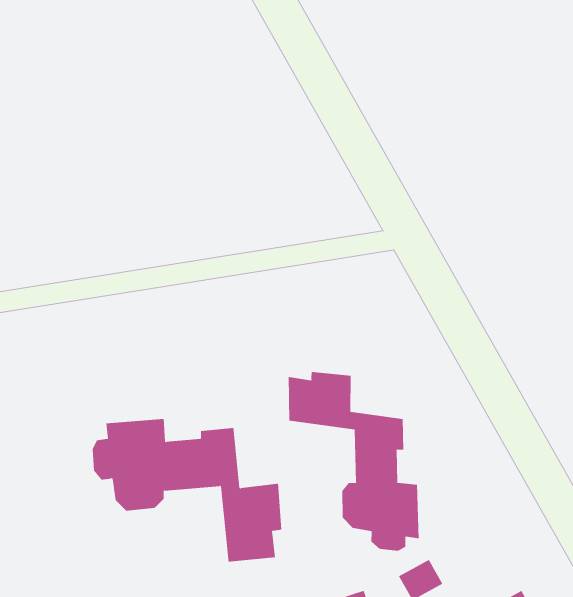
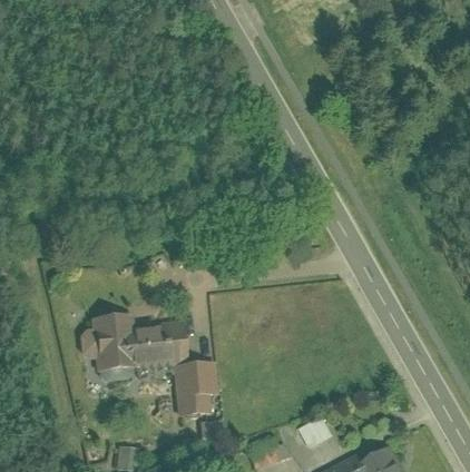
building: [288,371,419,551] -> none

